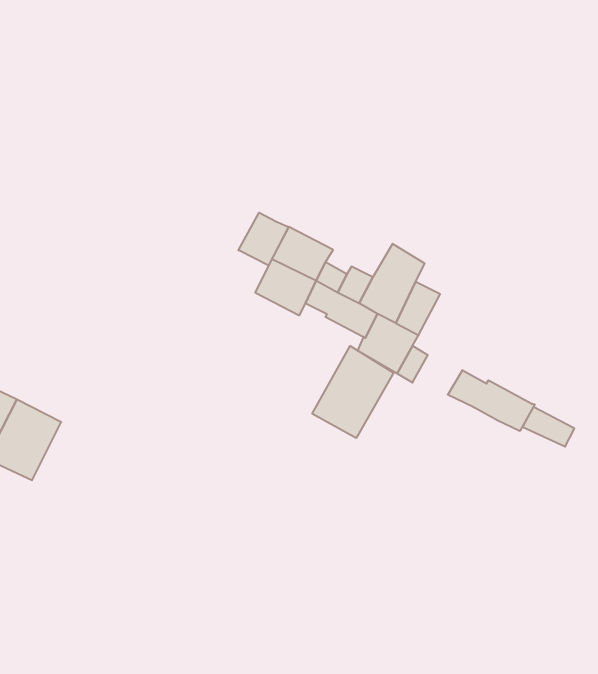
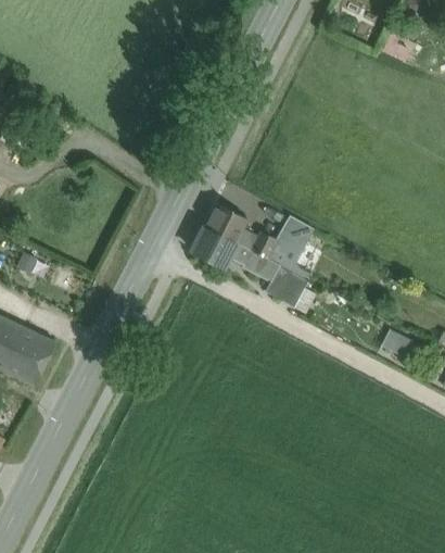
building: [238,213,289,266] -> none
building: [312,346,394,438] -> none
building: [448,370,535,431] -> none

